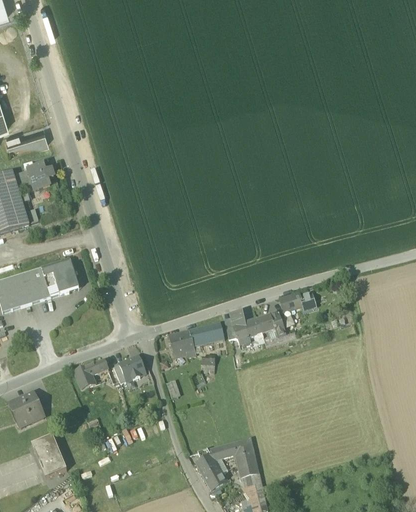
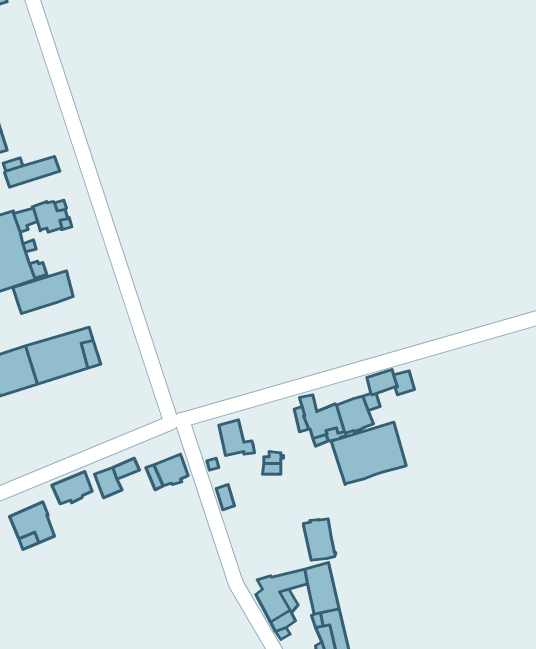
building: none -> [13,271,73,314]
building: [182,322,223,347] -> none
building: none -> [331,422,406,484]
building: none -> [52,472,92,504]
building: none -> [303,519,336,560]
building: [31,436,66,478] -> none

